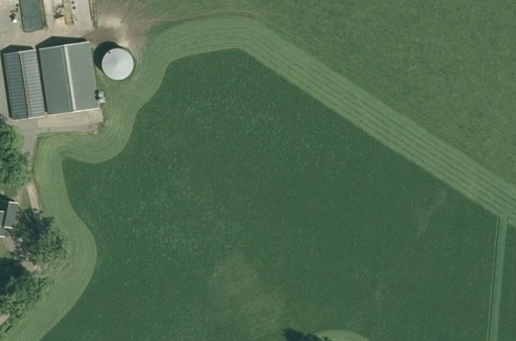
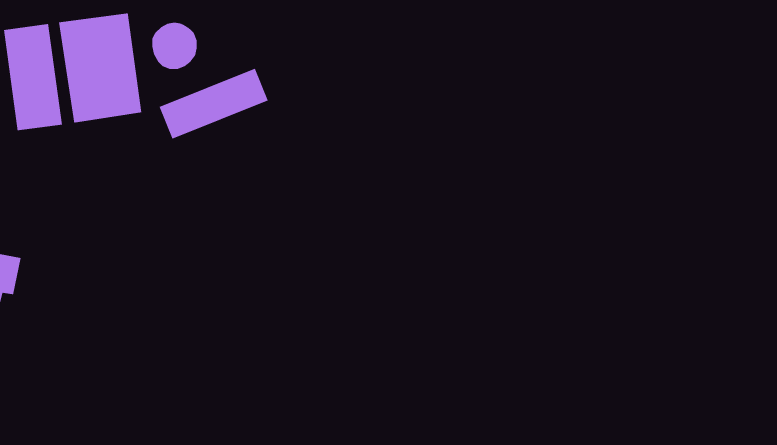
building: none -> [159,68,268,140]

